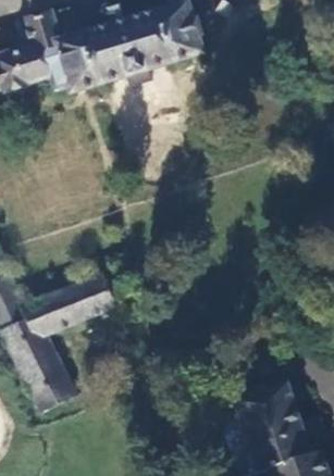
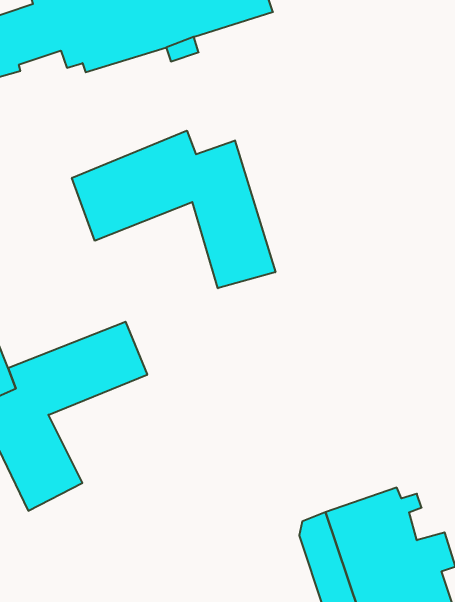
building: none -> [72,131,275,288]

